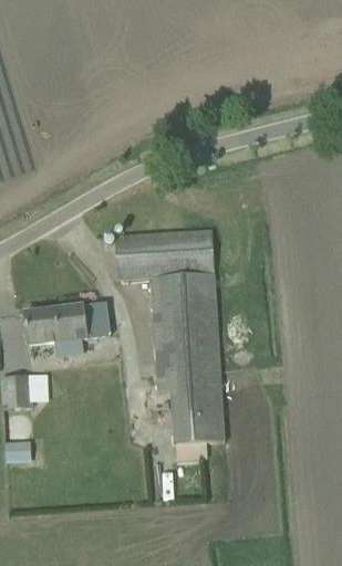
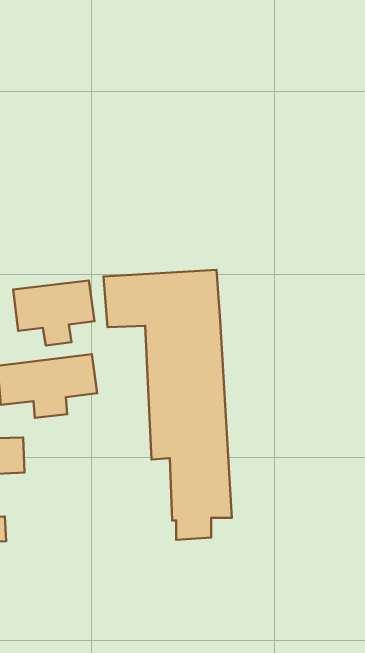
building: none -> [13,280,95,345]

